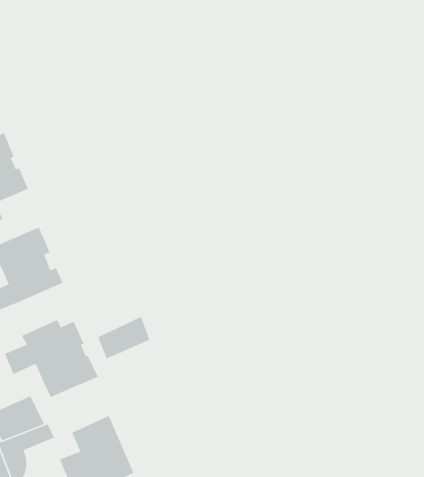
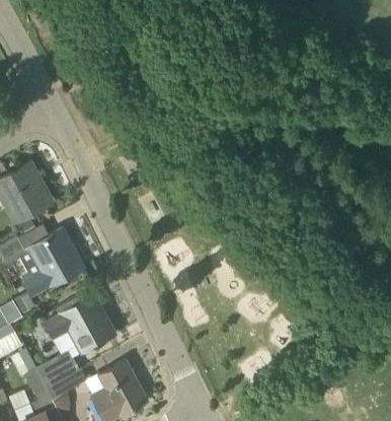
building: [97,316,151,359] -> none

